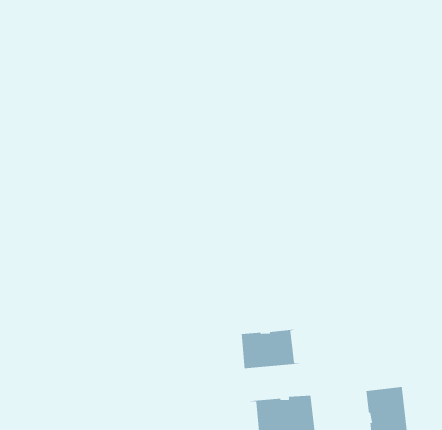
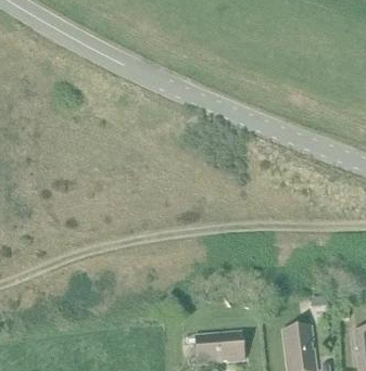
building: [241,328,300,369] -> none

